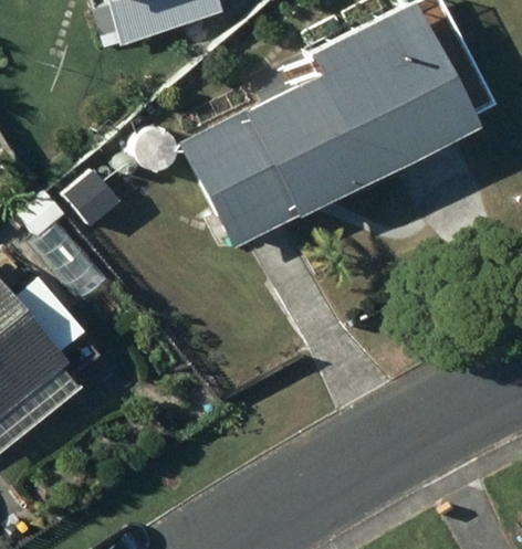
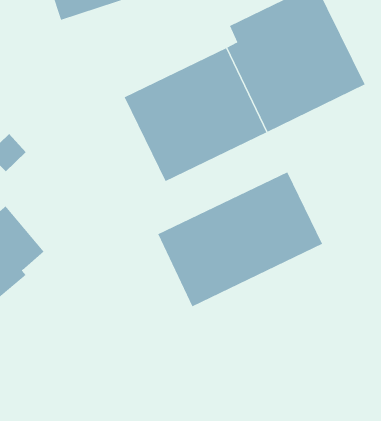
building: none -> [158,172,323,307]

